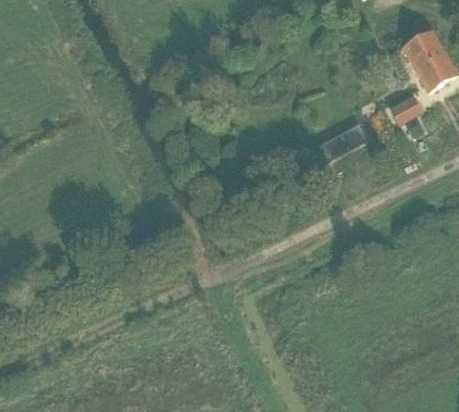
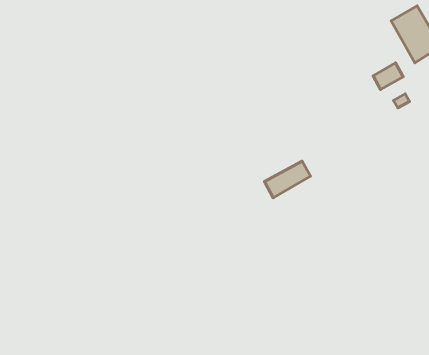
building: [321,126,368,163] -> [264,161,311,198]

